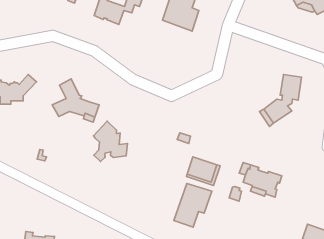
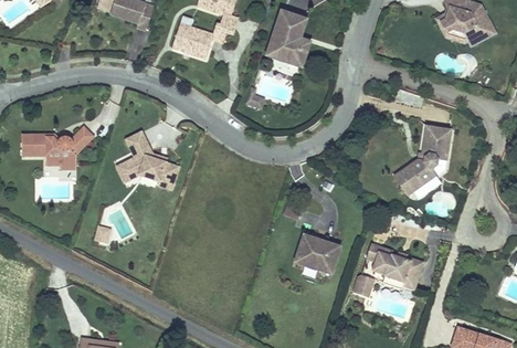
building: [94,121,127,162] -> none
building: [174,183,212,227] -> none

